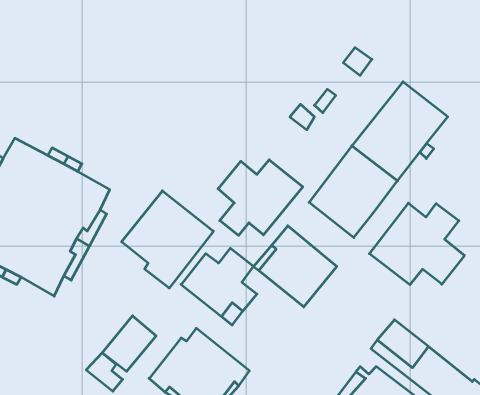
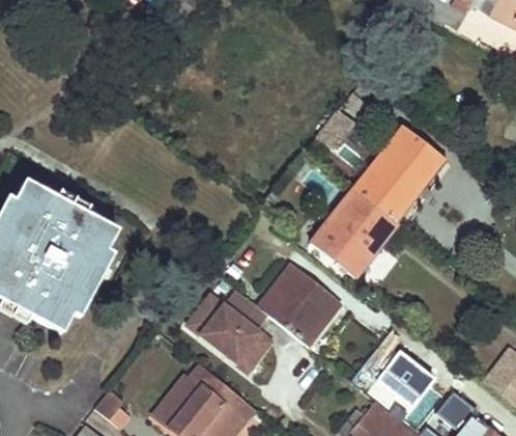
building: [218,160,303,235] -> none
building: [122,191,213,288] -> none
building: [369,203,464,285] -> none
building: [102,316,156,371] -> none

